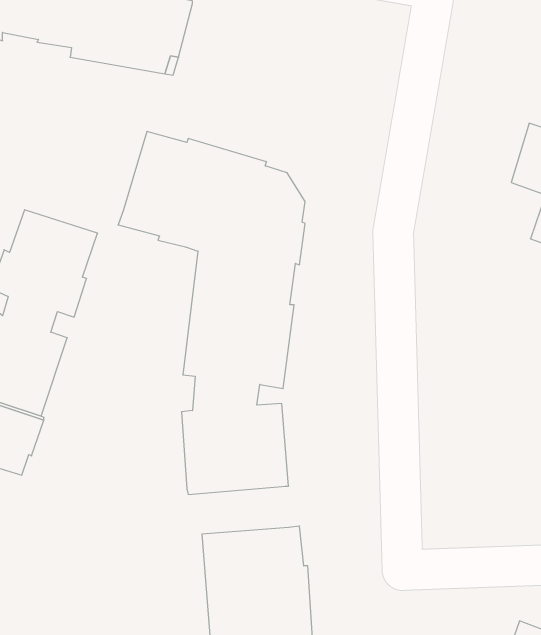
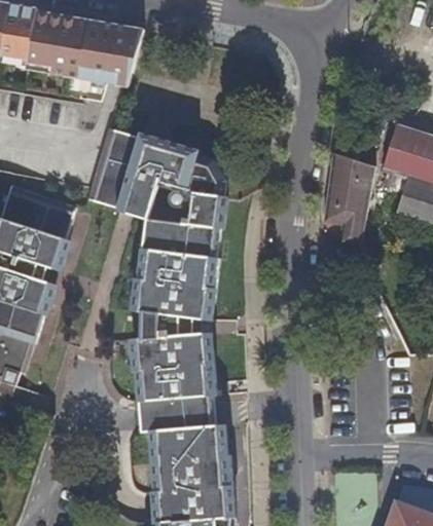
building: none -> [325,152,372,248]
building: none -> [141,394,216,431]

